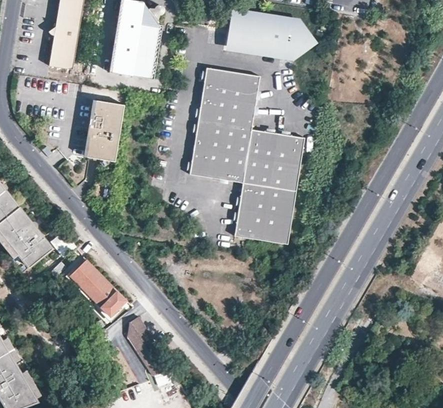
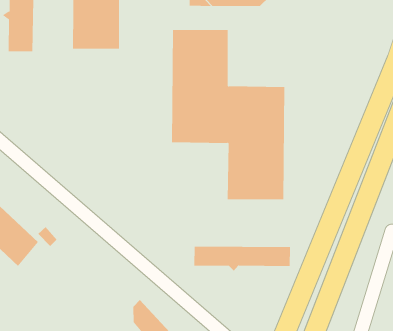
building: [87,100,125,161] -> none
building: [70,260,124,314] -> none
building: none -> [194,246,290,271]

